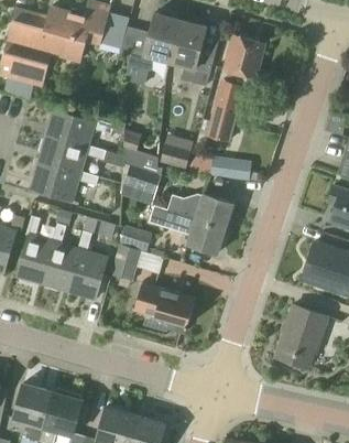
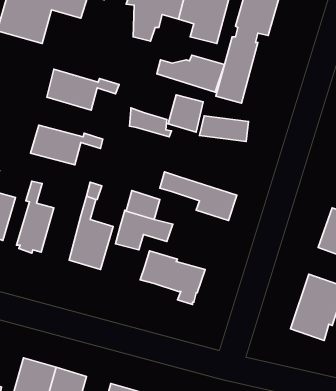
building: [37,137,105,174] -> none
building: [124,165,161,194] -> none
building: [170,194,233,229] -> [157,55,225,92]
building: [40,223,77,291] -> none

